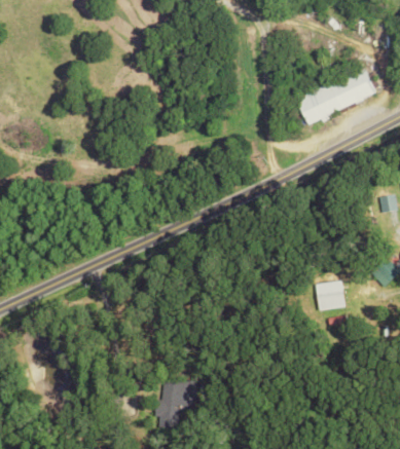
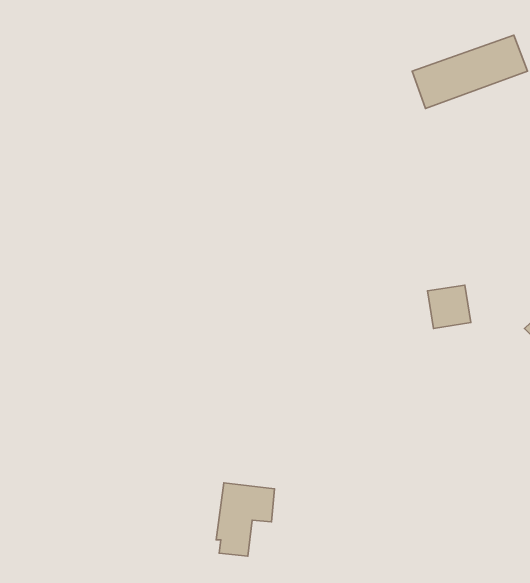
building: [317,282,347,311] -> [427,285,471,328]

